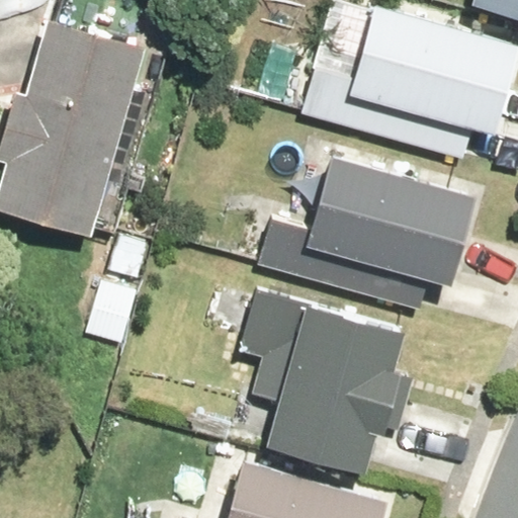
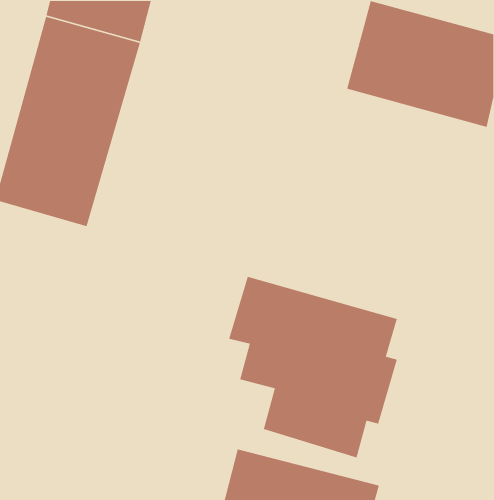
building: [307,159,480,289] -> none

